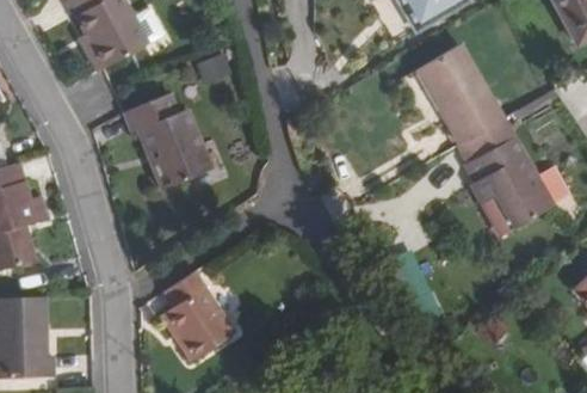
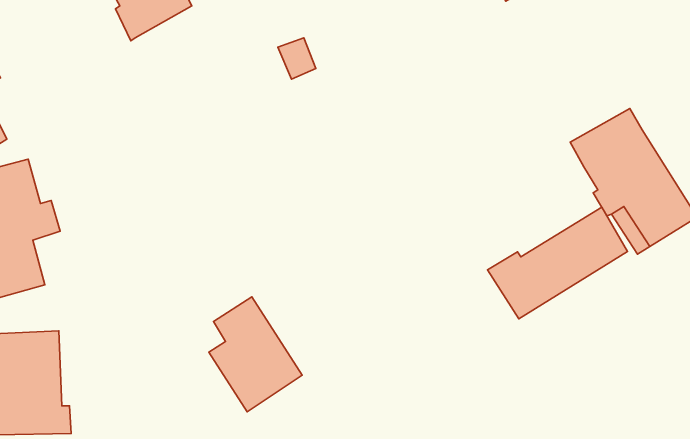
building: [390,47,492,148] -> none
building: [125,91,212,188] -> none
building: none -> [488,207,628,319]

